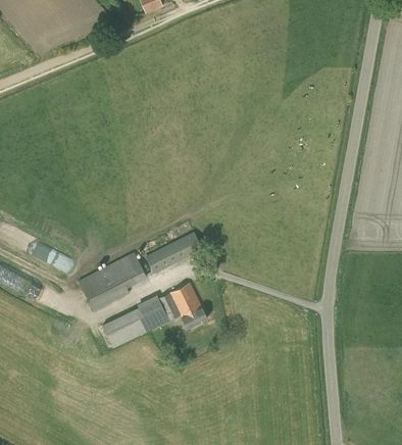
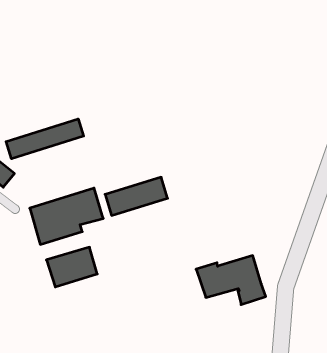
building: none -> [6,119,84,159]
building: [139,283,207,330] -> [196,256,266,305]

